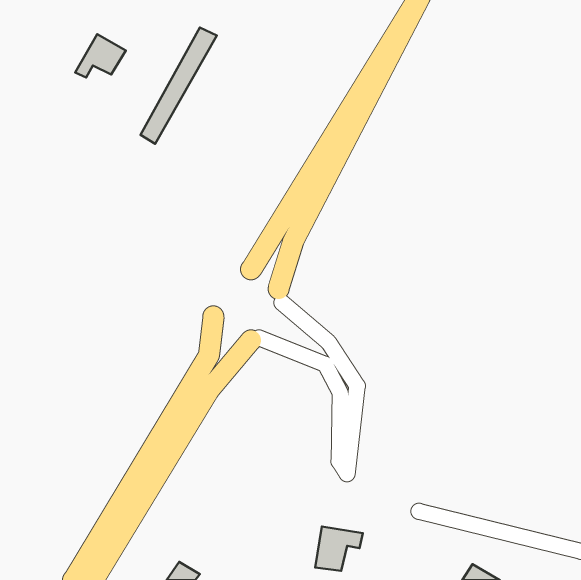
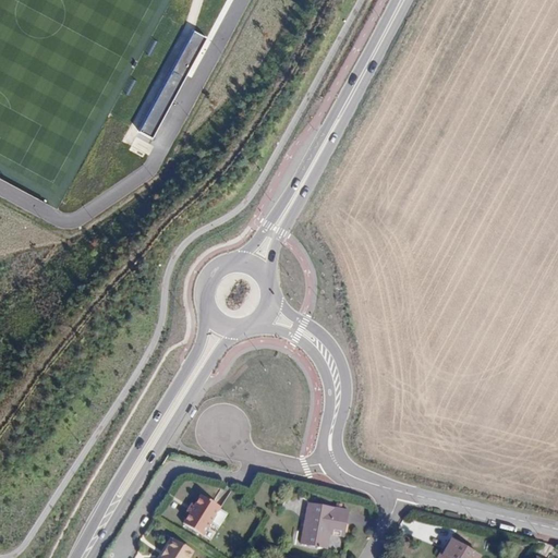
building: [75,34,126,77] -> none
building: none -> [182,493,218,533]

